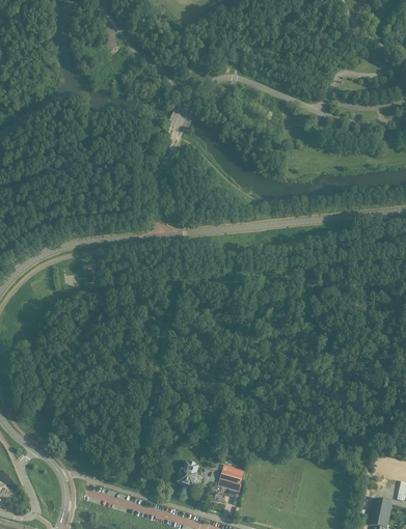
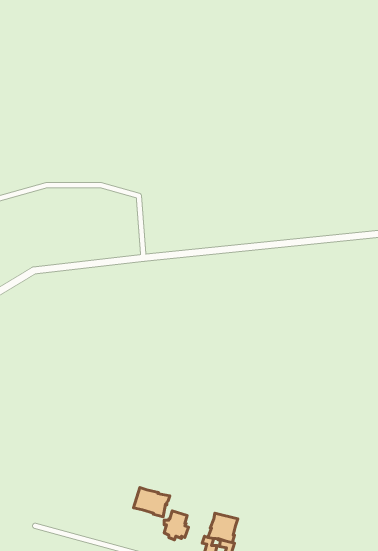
building: none -> [134,488,170,517]

